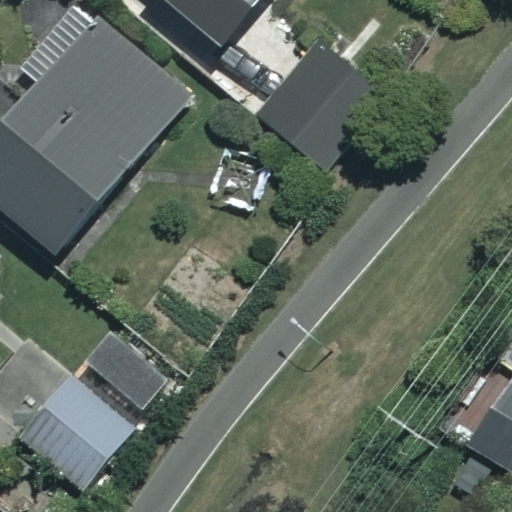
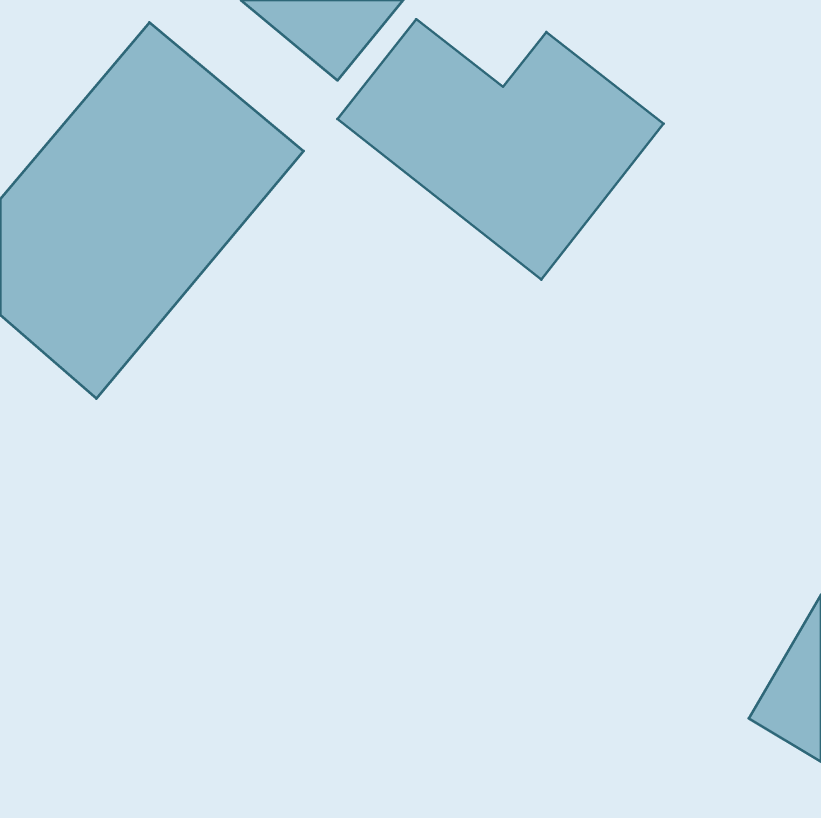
building: [17,325,173,488] -> none

